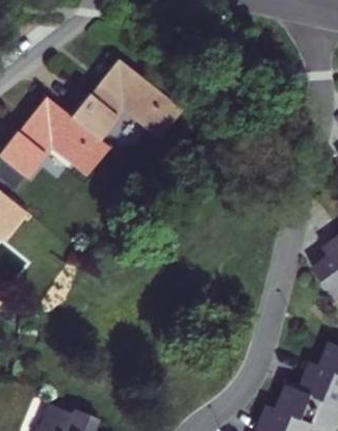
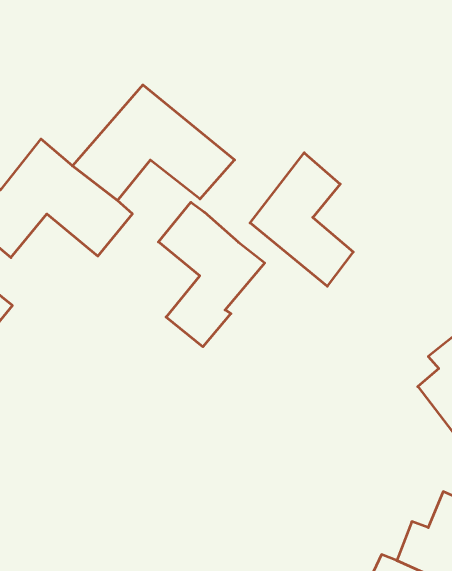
building: none -> [250,153,353,286]
building: none -> [158,202,265,347]

